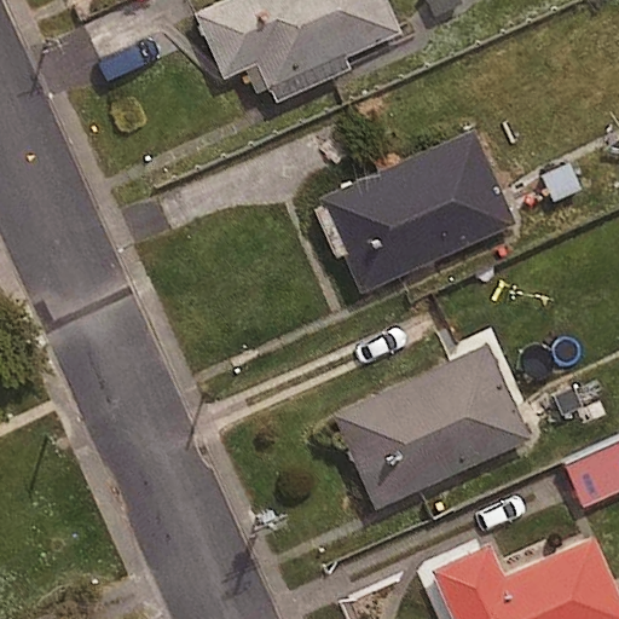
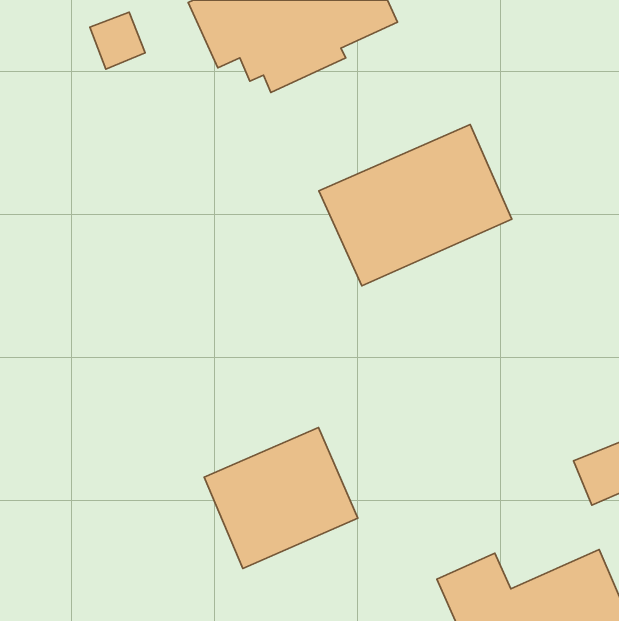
building: [335,346,528,507] -> none
building: none -> [204,428,358,569]

